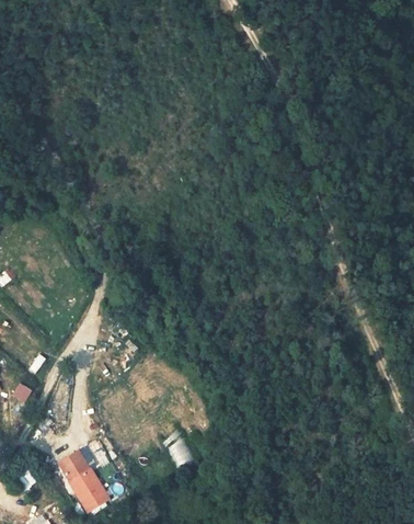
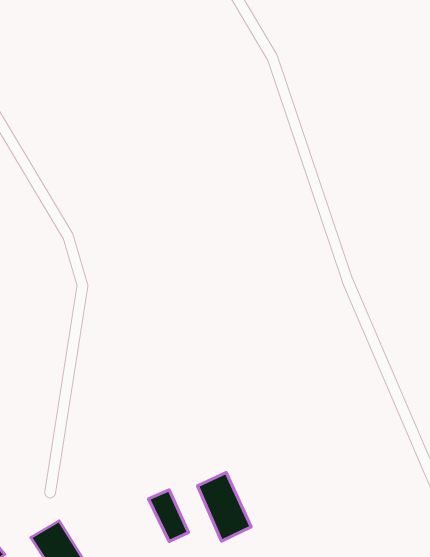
building: none -> [197,472,251,541]

